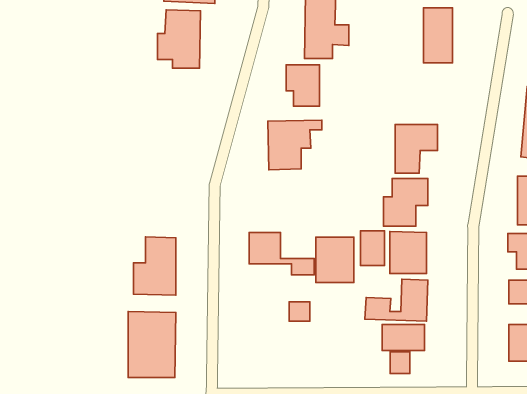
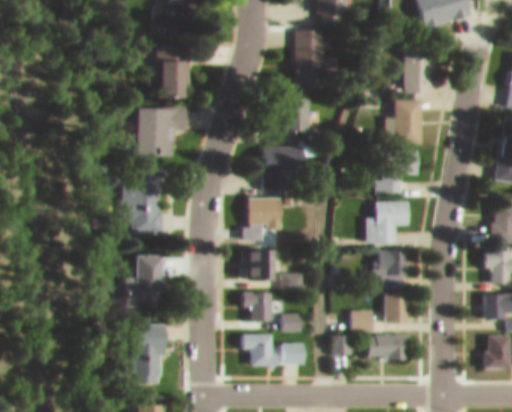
building: none -> [393,99,419,144]
building: none -> [147,108,195,157]
building: none -> [130,166,171,233]
building: [360,231,384,266] -> none
building: [316,237,354,283] -> [244,198,279,240]
building: none -> [240,293,270,322]
building: none -> [240,334,271,367]
building: none -> [279,343,304,365]
building: [390,352,410,374] -> [331,336,349,356]

